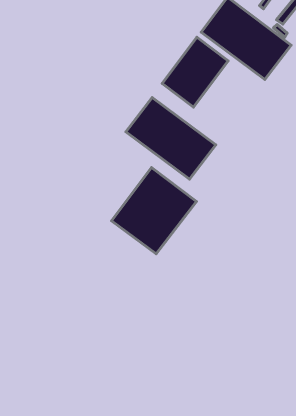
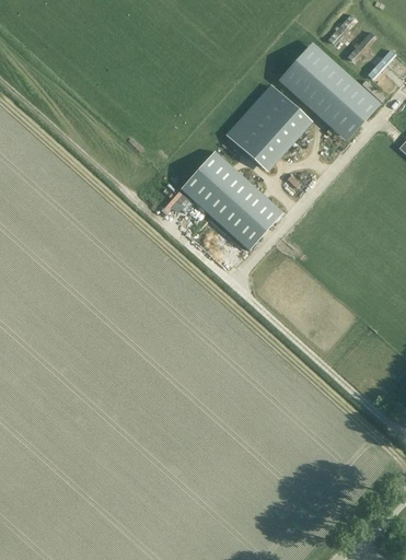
building: [112,167,197,254] -> none

